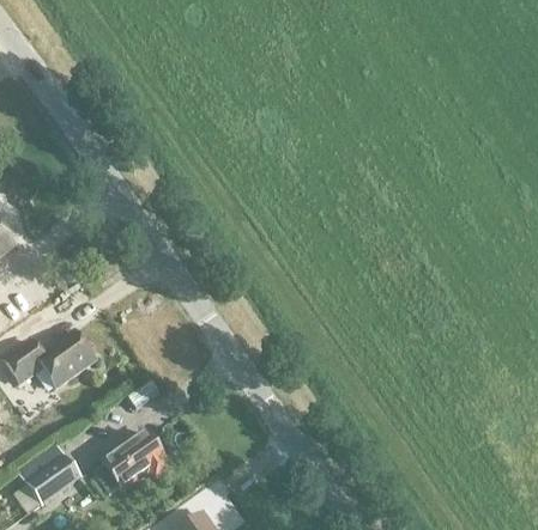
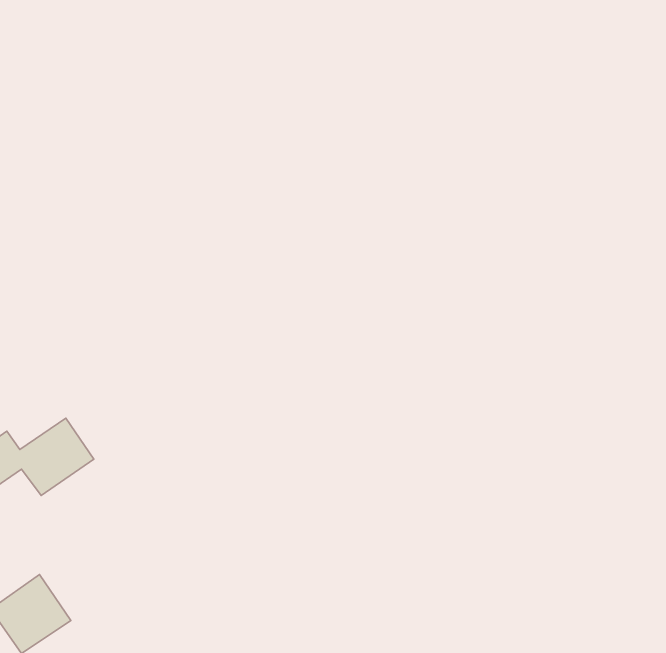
building: [93,430,168,493] -> none

